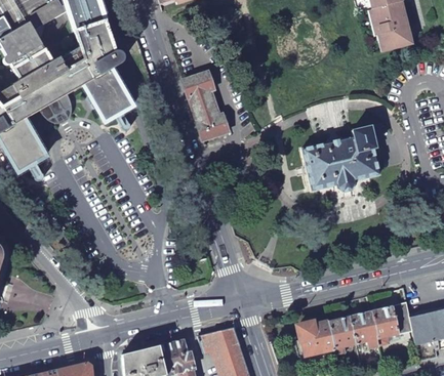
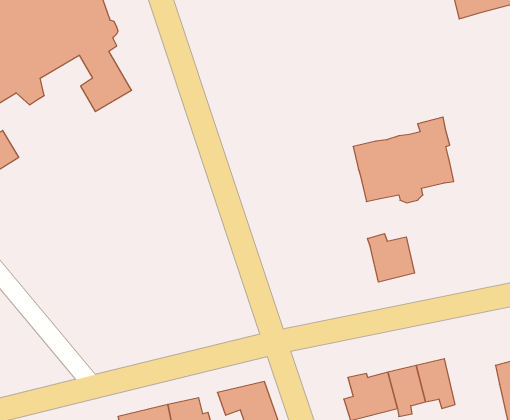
building: [183,72,226,140] -> none
building: none -> [368,234,415,282]
building: [370,302,412,345] -> none

